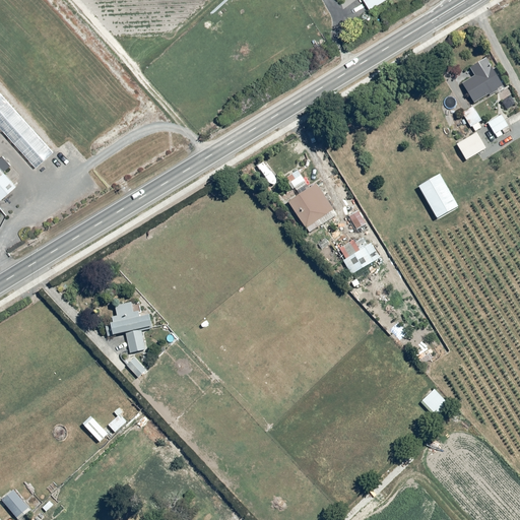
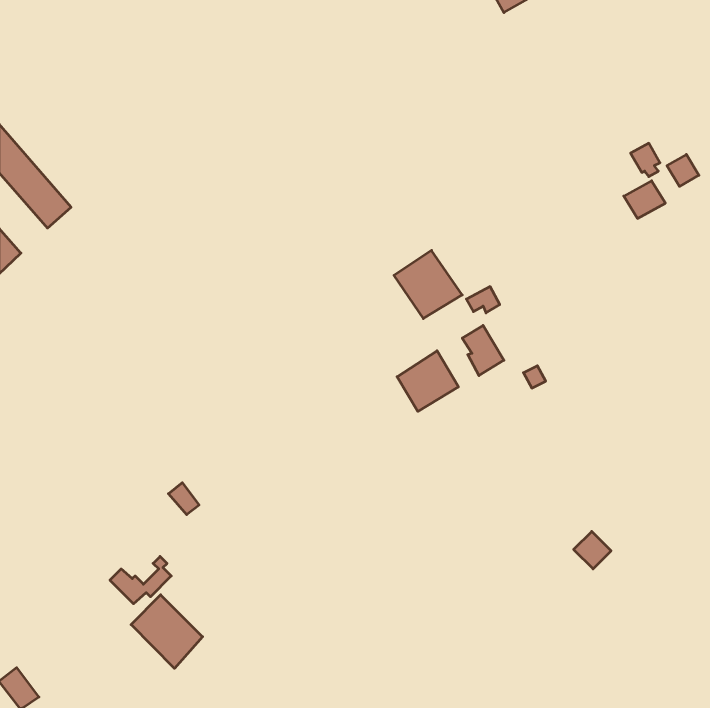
building: [461,59,502,103] -> none
building: [417,173,458,218] -> none
building: none -> [397,351,458,411]
building: [105,301,152,351] -> none
building: none -> [131,595,203,668]

